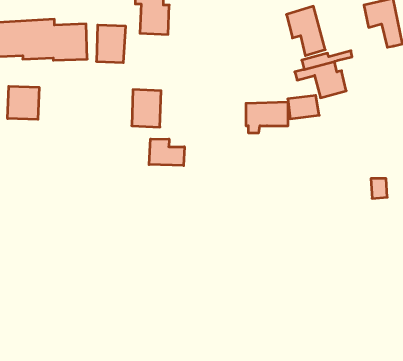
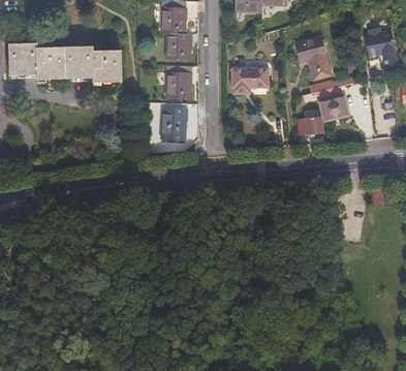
building: [96,25,126,63] -> [165,65,191,98]
building: [8,86,39,119] -> none
building: [246,102,288,133] -> [231,66,269,93]
building: [149,139,184,166] -> none

